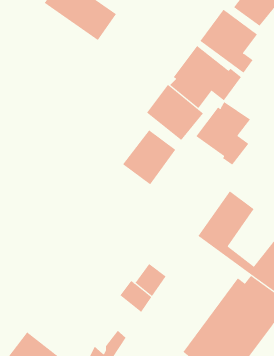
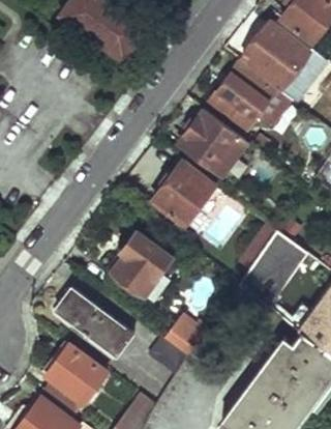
building: [196,101,251,166] -> none
building: none -> [113,232,172,296]
building: none -> [55,287,133,358]
building: none -> [41,343,107,421]

